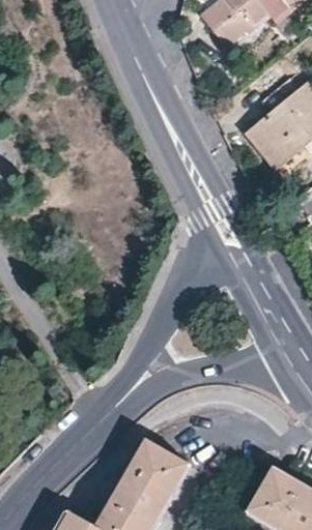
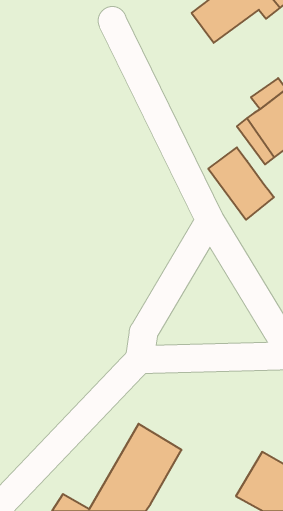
building: none -> [208,147,274,220]

